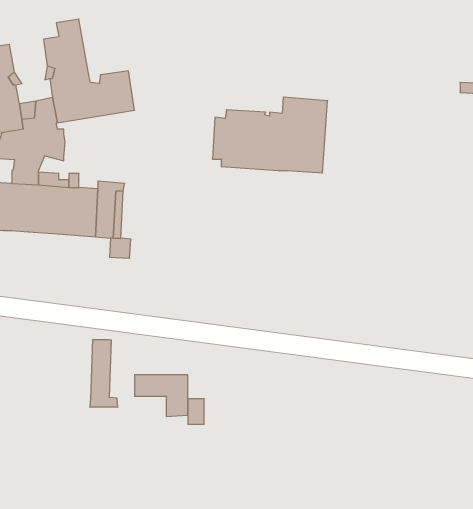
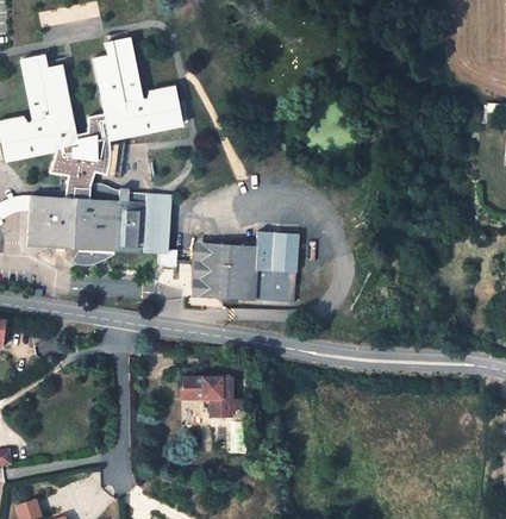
building: [212,97,328,173] -> [190,231,299,302]
building: none -> [74,243,113,262]
building: [90,339,117,407] -> none

